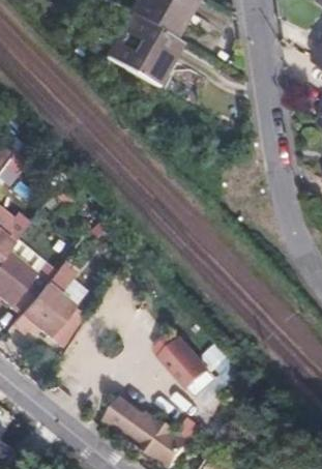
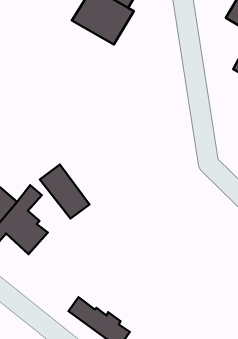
building: [152,330,214,398] -> [40,165,90,218]

